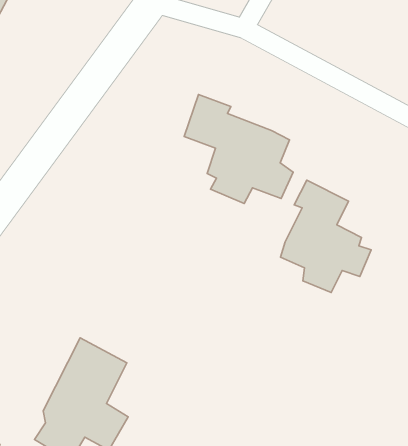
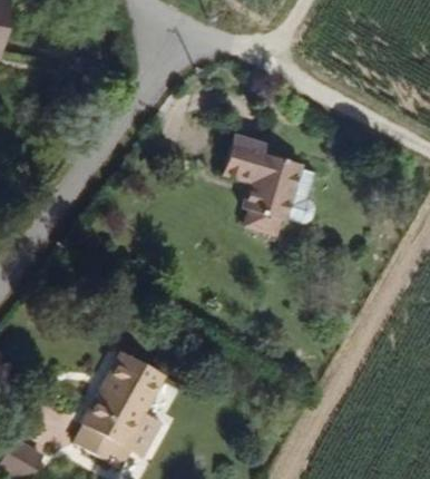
building: [281,180,371,292] -> none

